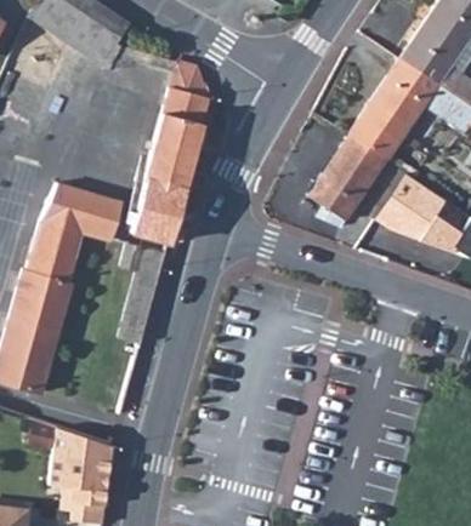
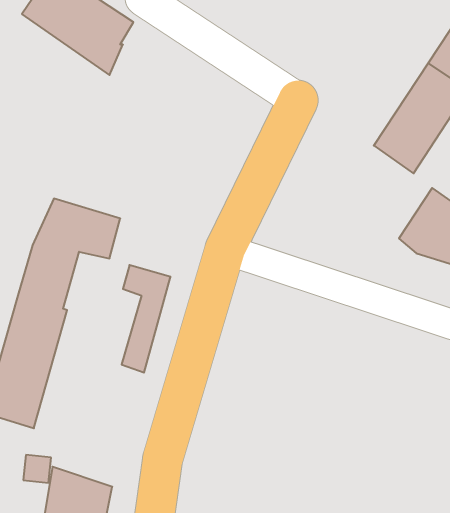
building: [108,44,209,244] -> none
building: [310,136,387,221] -> none

